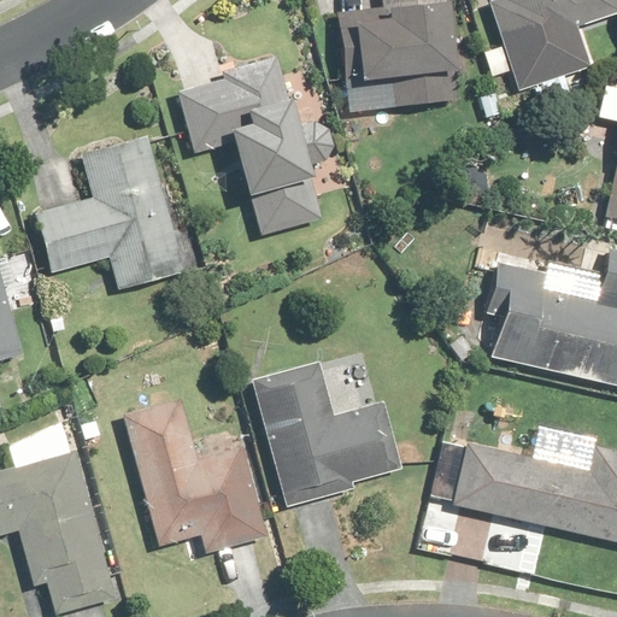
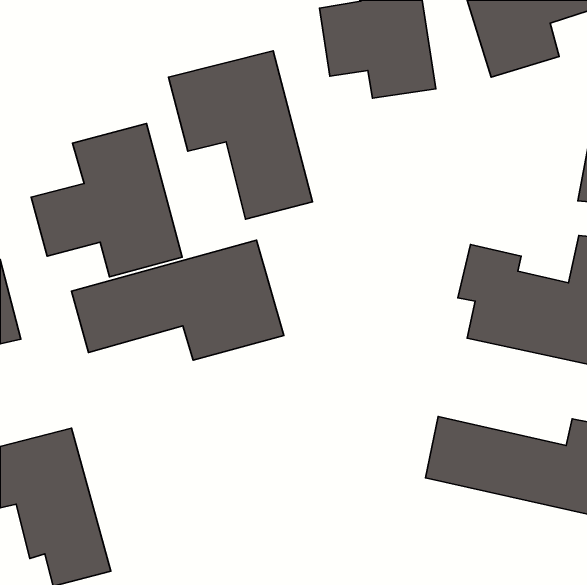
building: none -> [71,240,284,360]
building: [253,368,400,505] -> none
building: [122,395,275,553] -> none

